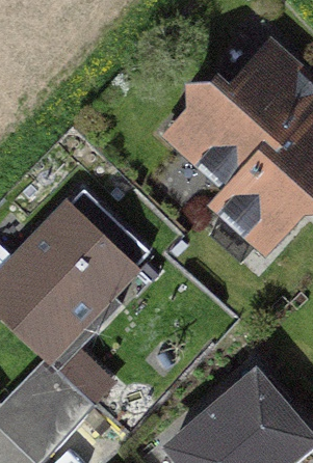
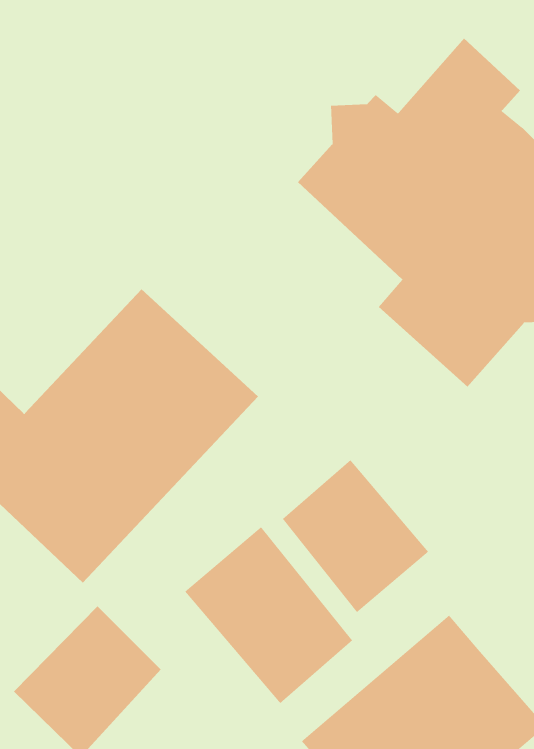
building: none -> [282,459,429,613]
building: none -> [184,526,353,704]

